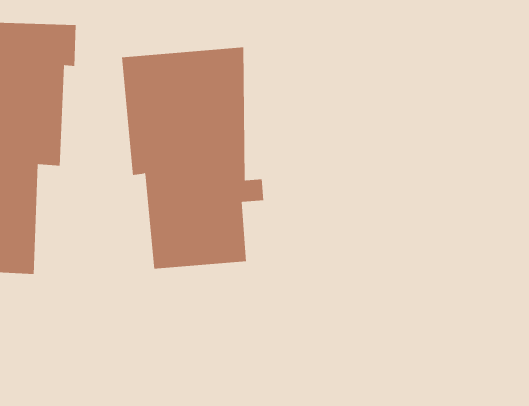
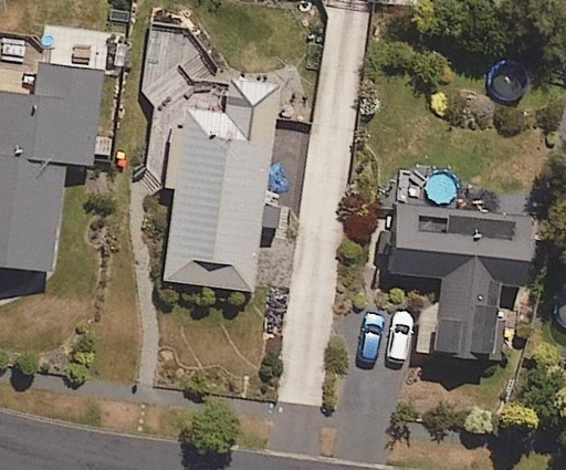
building: none -> [379,209,524,366]

